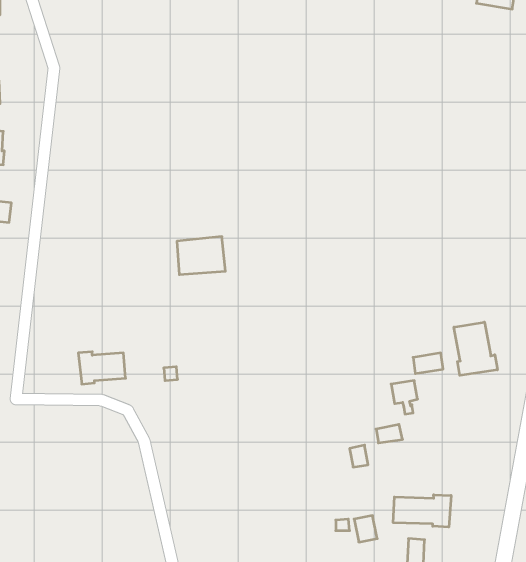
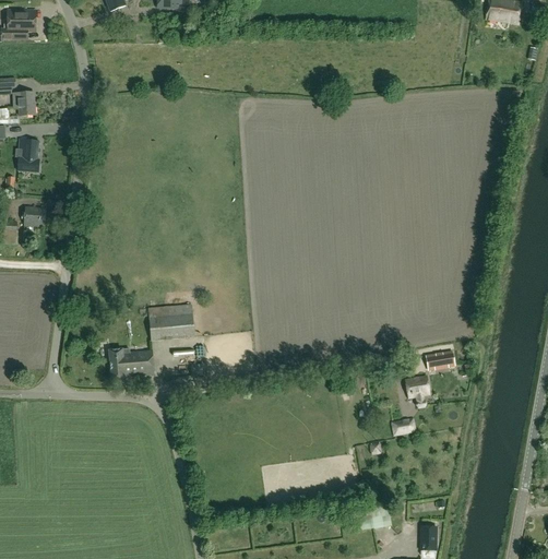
building: [177,237,225,275] -> [148,302,194,338]
building: [454,322,497,375] -> none
building: [393,495,451,527] -> none

